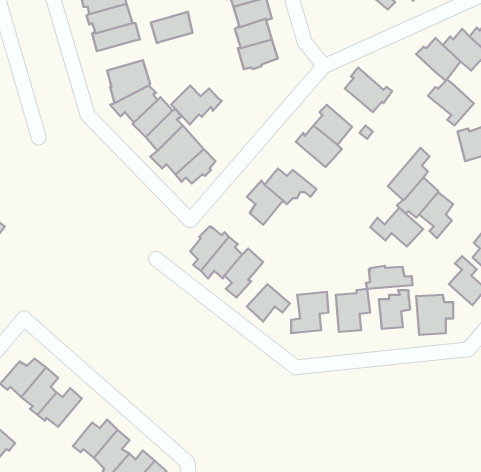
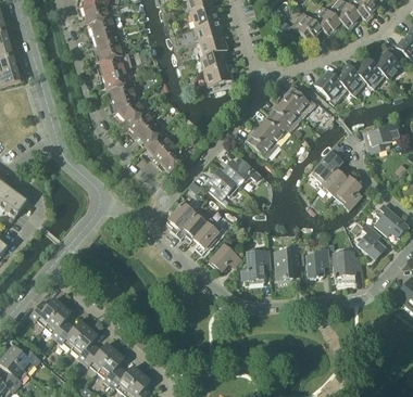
building: [151,12,192,43] -> [100,66,130,89]
building: [428,80,474,126] -> [314,72,348,105]
building: [171,85,222,124] -> none
building: none -> [268,101,302,132]
building: [370,208,423,246] -> none
building: [366,266,413,289] -> none
building: none -> [72,328,98,362]

